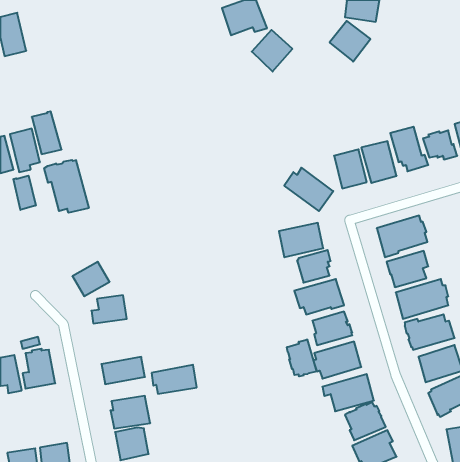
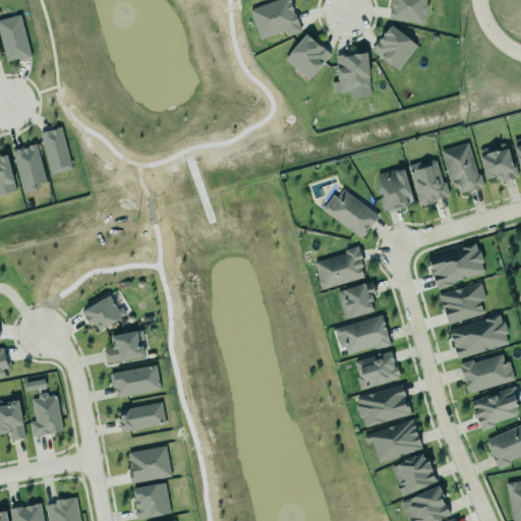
building: none -> [336,50,370,93]
building: [44,160,89,213] -> none
building: [13,176,36,210] -> none
building: [287,339,317,376] -> none
building: [152,365,197,394] -> [109,364,160,397]

